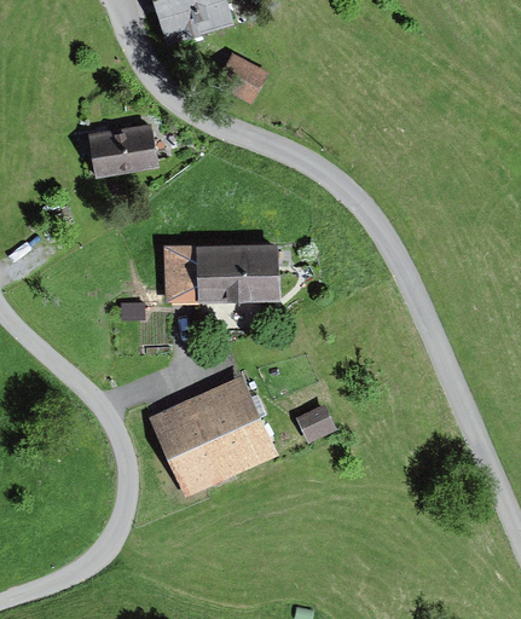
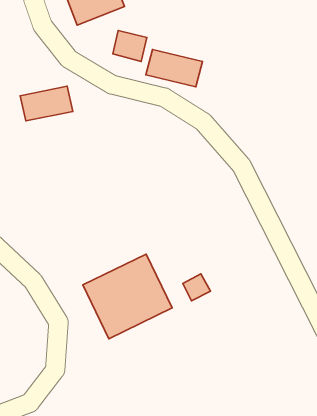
building: none -> [146,49,203,87]
building: [163,239,283,306] -> none

